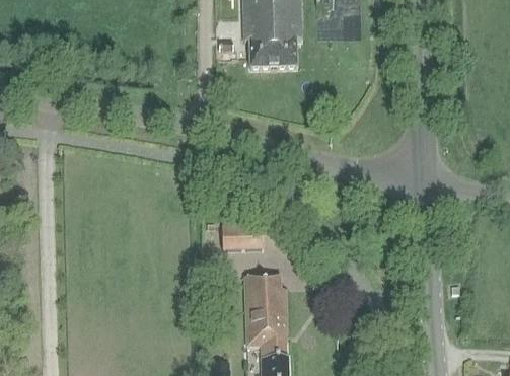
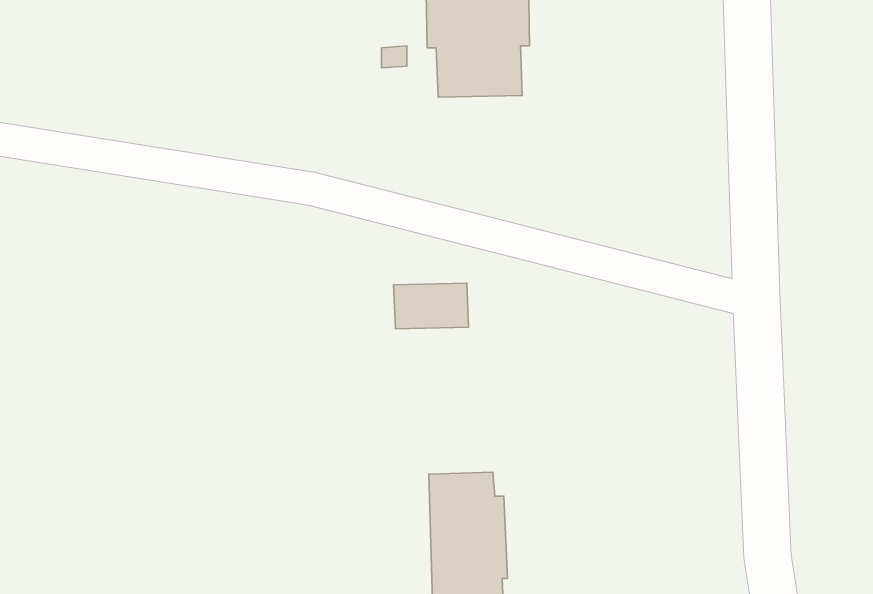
building: [222,224,264,249] -> [394,283,469,329]

